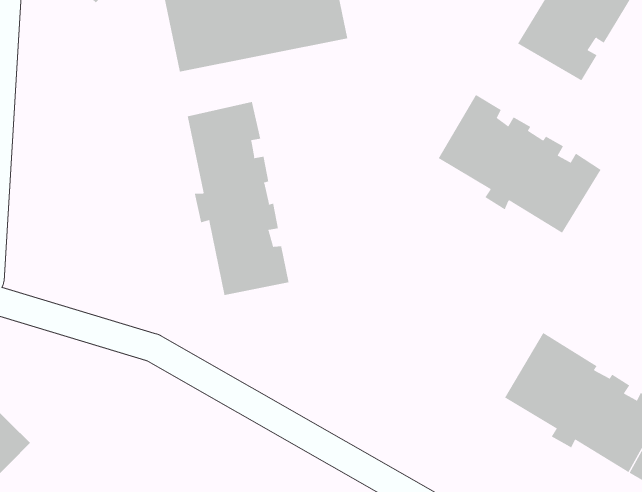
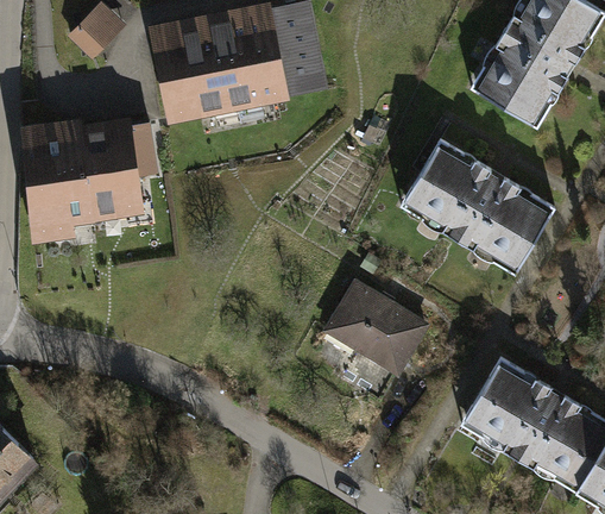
building: none -> [23,125,153,239]
building: [187,101,289,296] -> none
building: none -> [327,283,426,372]

